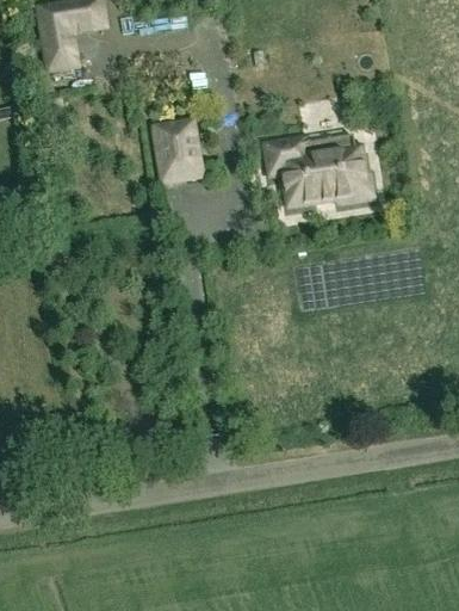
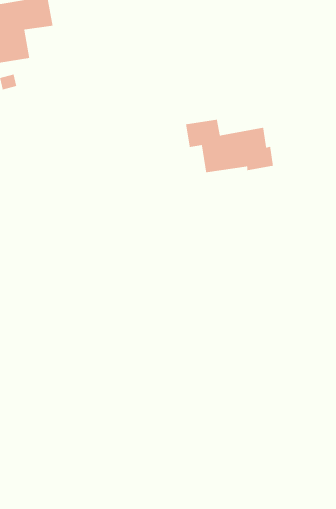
building: [155,124,199,180] -> none

